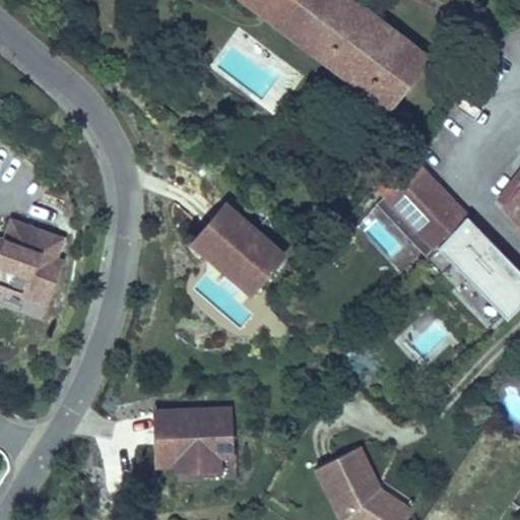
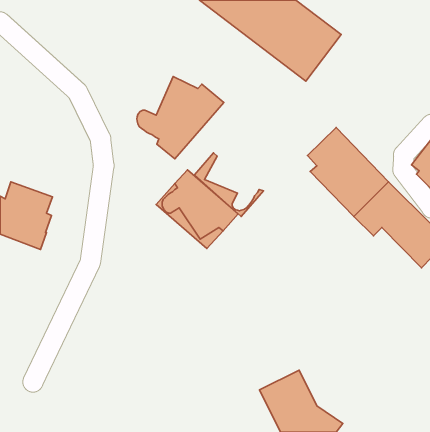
building: [370,42,433,113] -> none
building: none -> [137,77,224,159]
building: none -> [195,153,264,216]
building: [154,408,235,475] -> none

